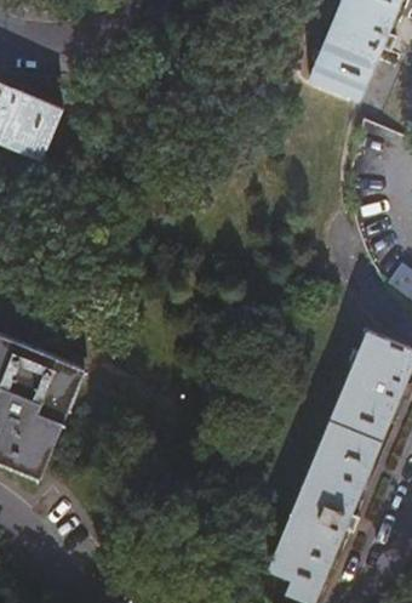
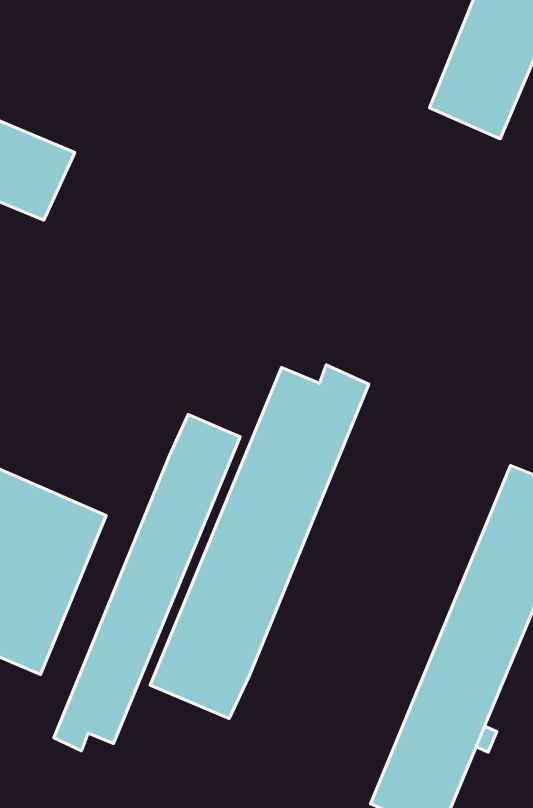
building: none -> [150,365,369,719]
building: none -> [54,414,240,751]

